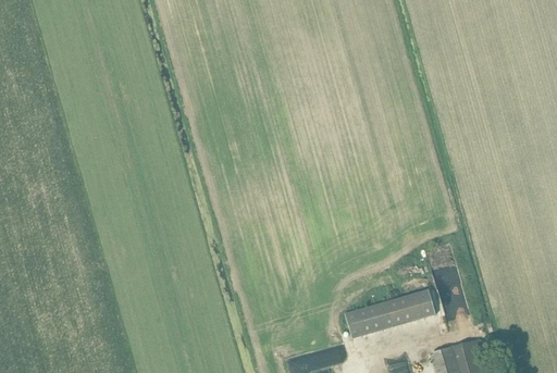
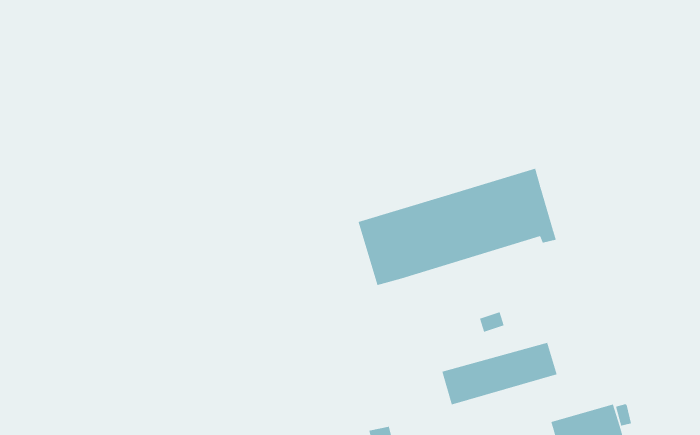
building: none -> [358,168,556,286]

